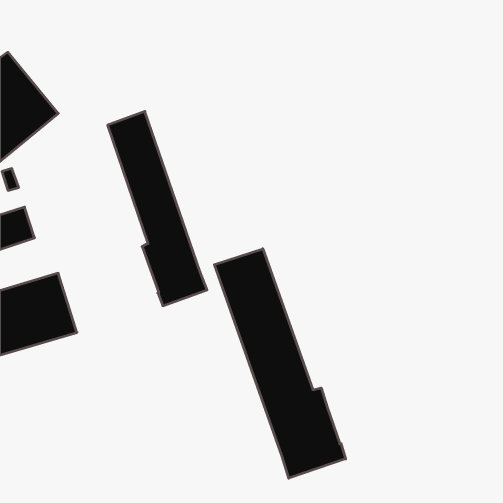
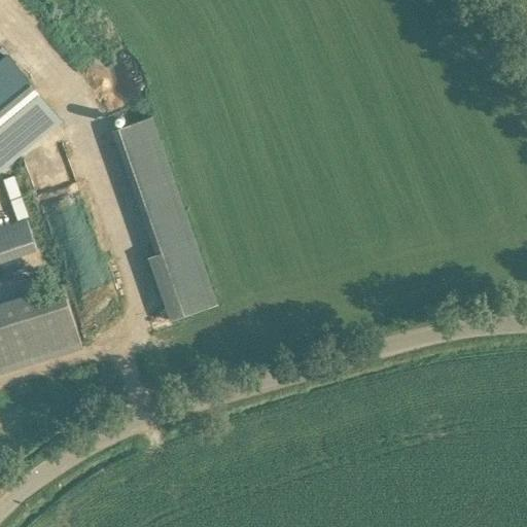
building: [214,249,346,478] -> none

